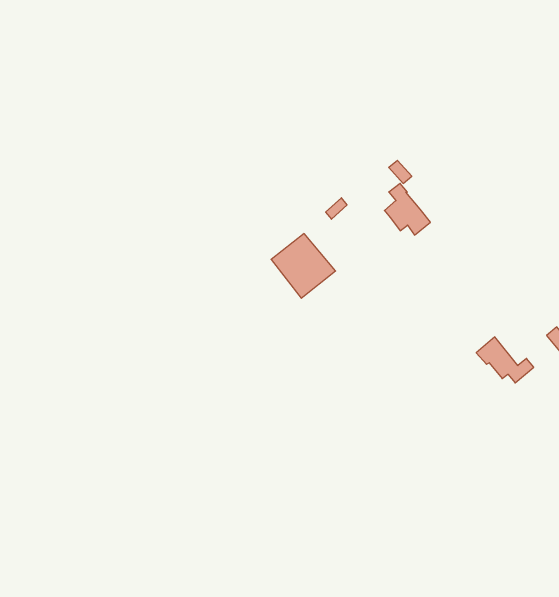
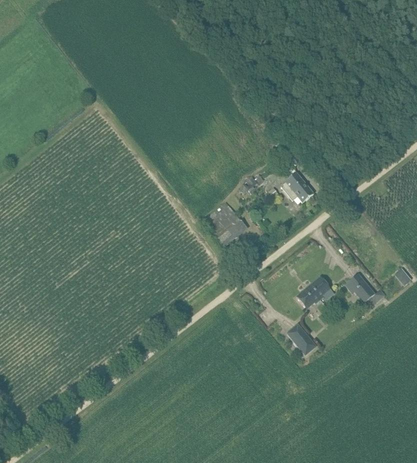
building: none -> [298,276,332,308]
building: none -> [288,323,318,355]

